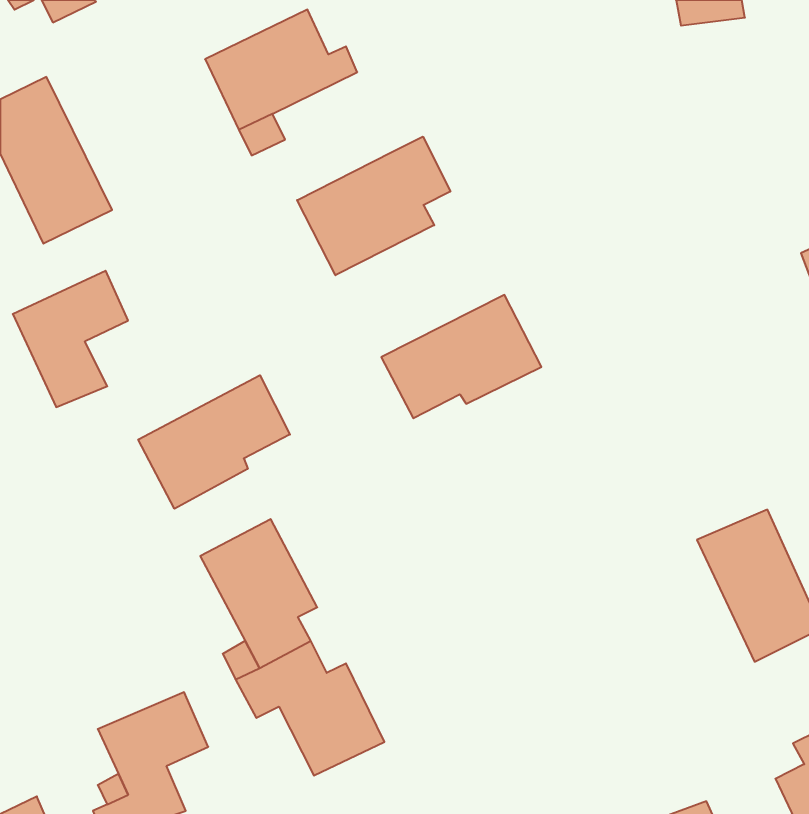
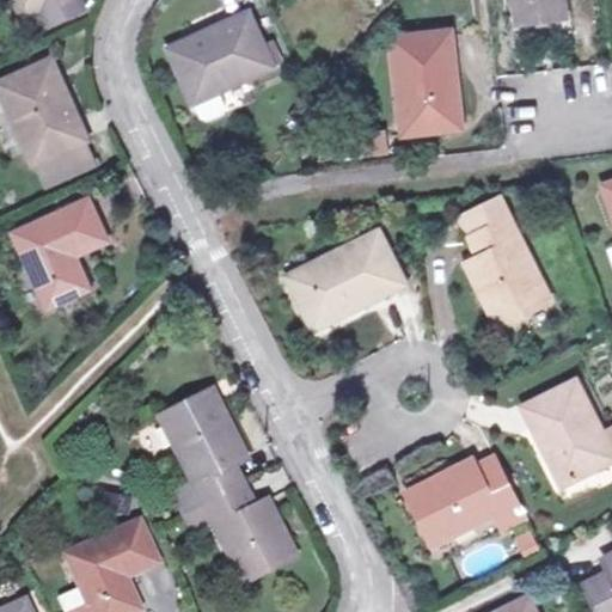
building: none -> [385,37,454,135]
building: [297,137,450,275] -> none
building: none -> [469,194,555,319]
building: [138,375,290,509] -> none
building: none -> [411,455,524,539]

